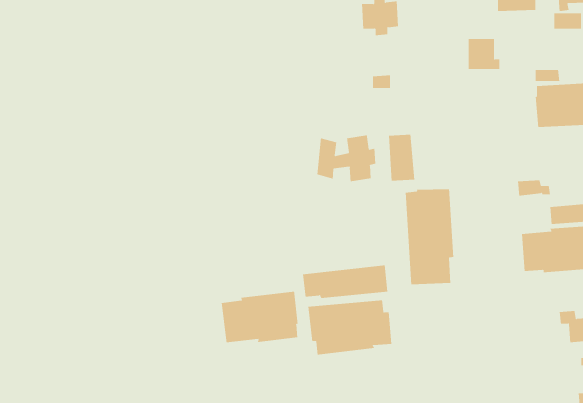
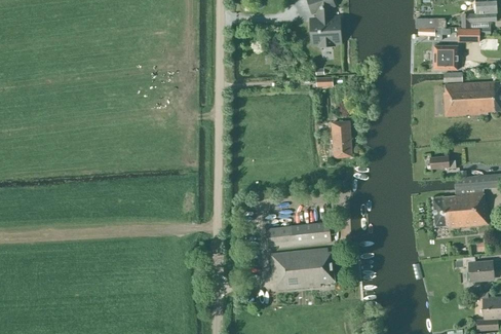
building: [468,39,500,70] -> [433,45,458,69]
building: [317,135,376,182] -> none
building: [405,188,454,285] -> none
building: [221,291,298,343] -> none

